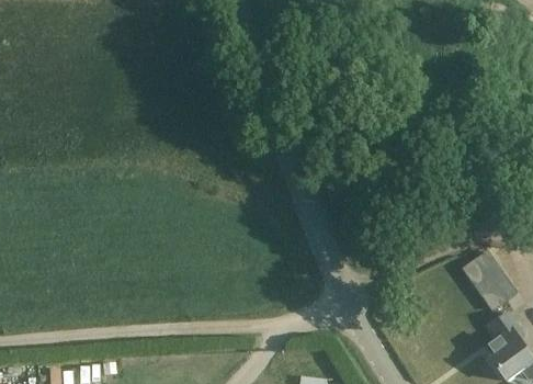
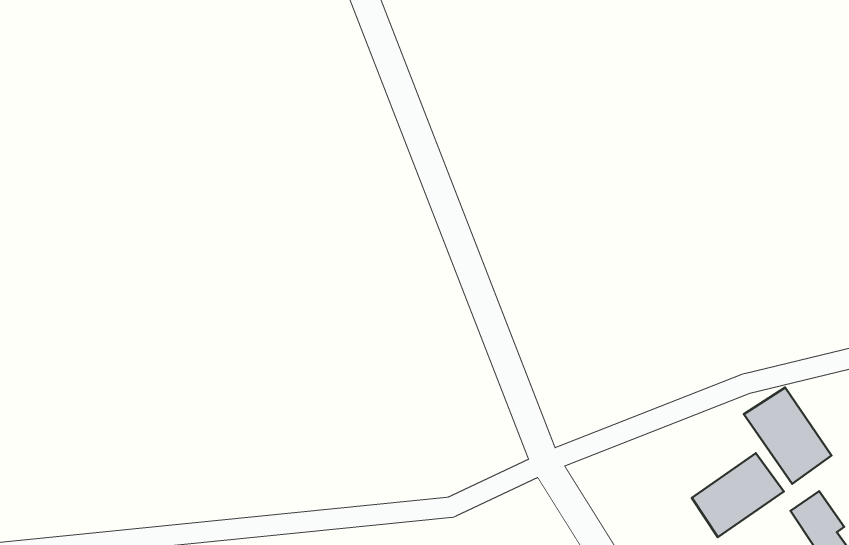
building: none -> [692,453,784,537]

